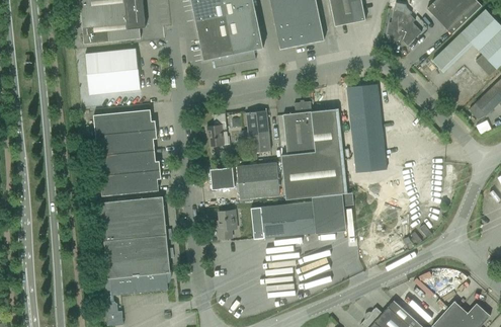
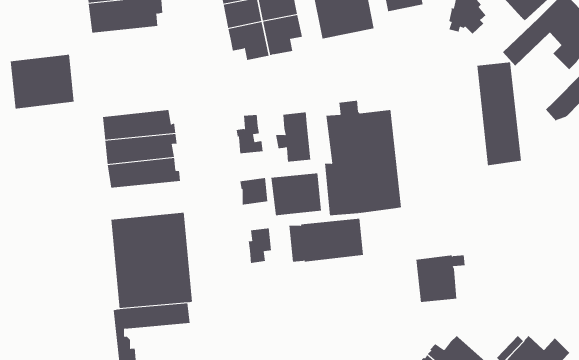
building: [85,49,140,95] -> [10,54,74,109]
building: [347,85,386,173] -> [476,62,522,166]
building: [100,170,161,196] -> none
building: [311,193,353,234] -> [415,255,466,302]

